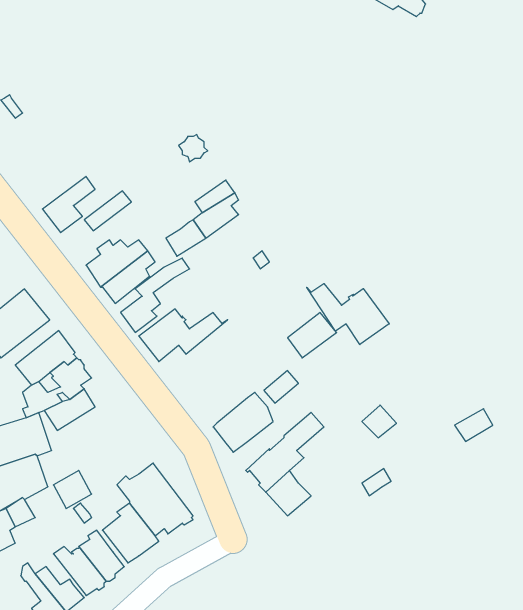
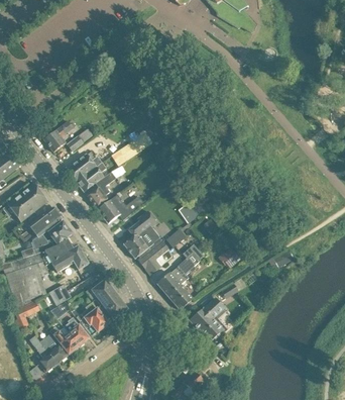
building: [307,284,389,345] -> none
building: none -> [123,209,157,258]
building: none -> [51,244,88,271]
building: none -> [189,296,224,340]

